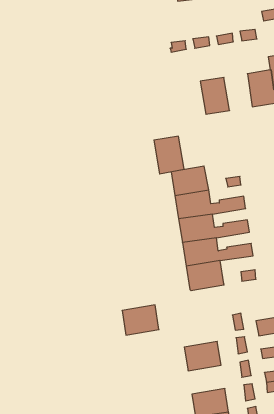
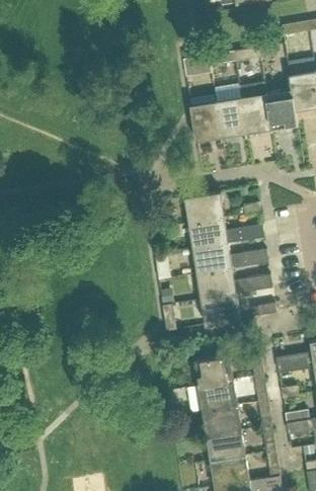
building: none -> [241,93,271,133]
building: [154,136,184,174] -> [189,101,222,142]
building: [122,305,159,335] -> [194,354,234,387]
building: none -> [203,406,242,437]

